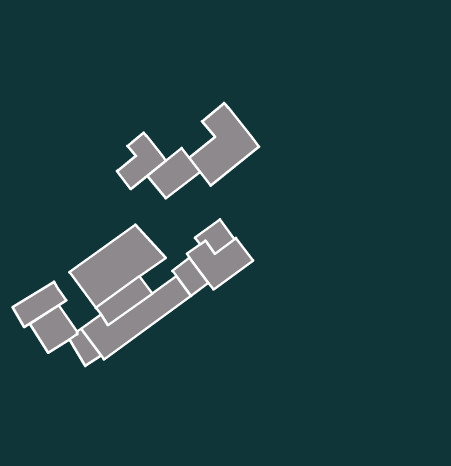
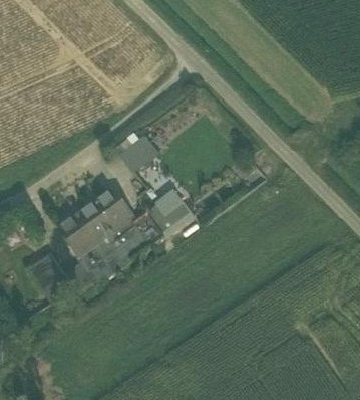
building: [189,103,259,186] -> none
building: [117,133,166,189] -> none
building: [13,282,66,327] -> none

